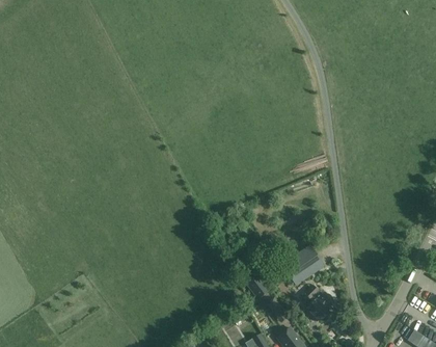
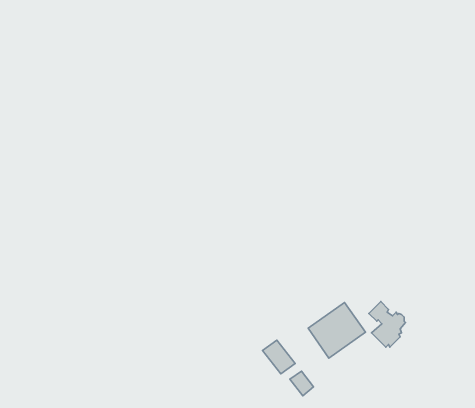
building: [303,285,332,321] -> [369,302,405,347]

